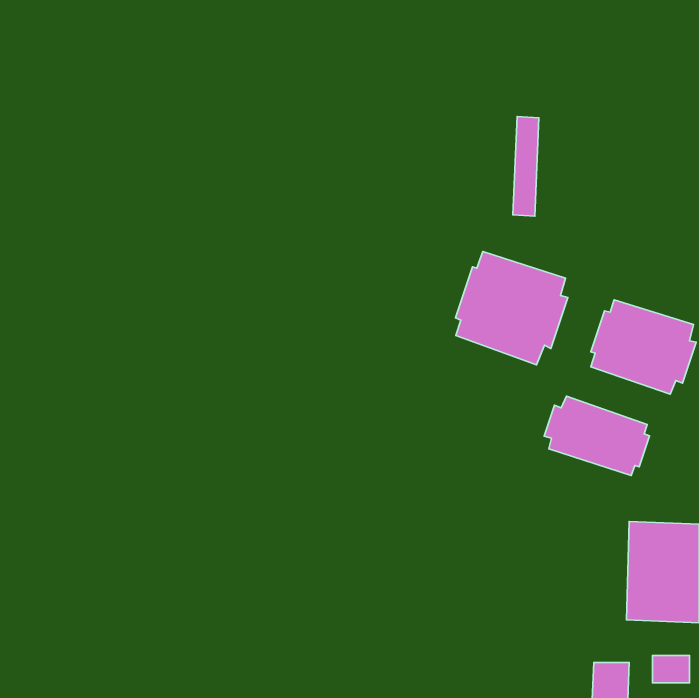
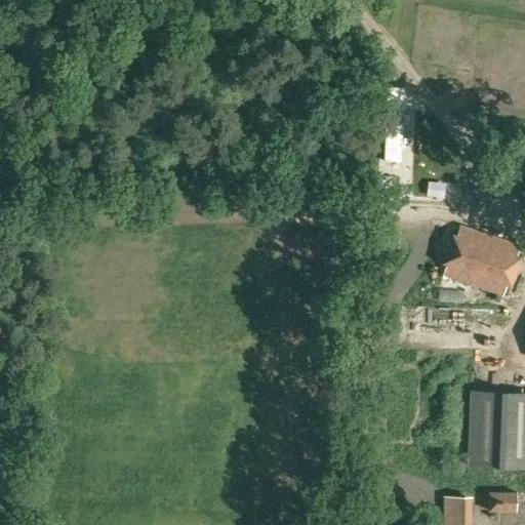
building: [456,252,568,365] -> none
building: [544,396,650,476] -> none

